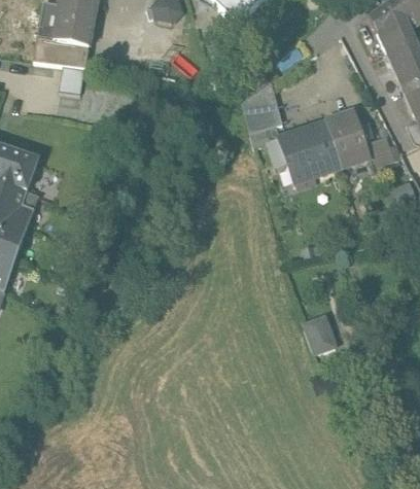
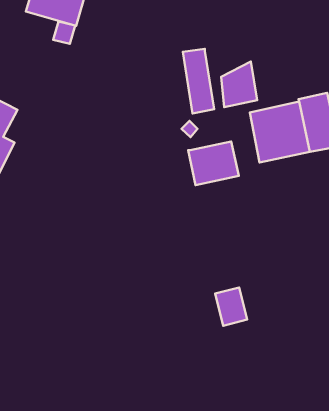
building: none -> [183,49,214,113]
building: none -> [188,141,239,185]
building: [301,314,337,355] -> [215,288,247,326]

